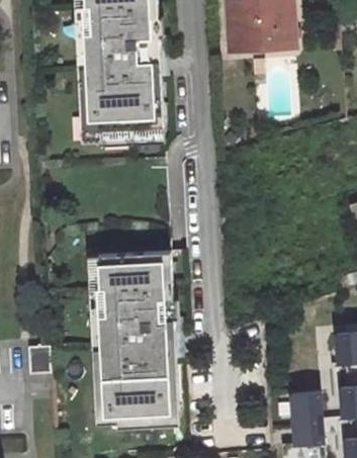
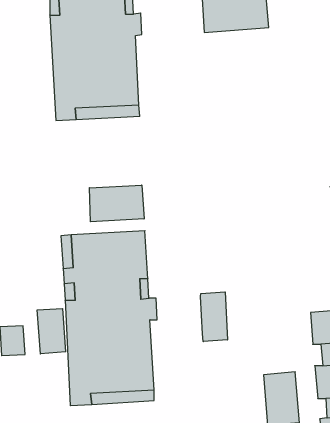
building: none -> [89,185,144,222]
building: none -> [200,292,227,342]
building: none -> [37,309,66,354]

